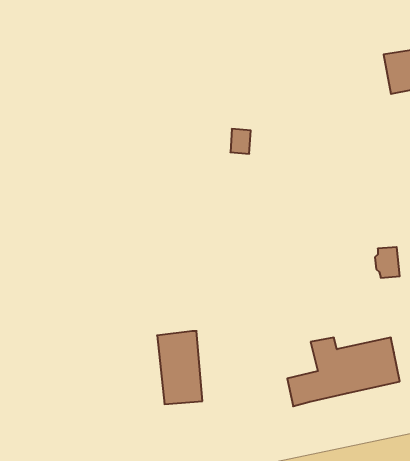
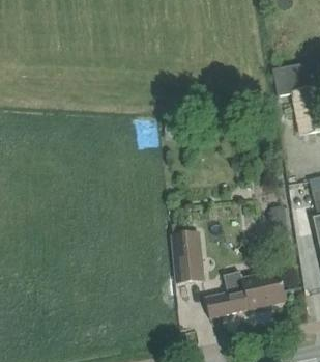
building: [157,331,202,404] -> [172,231,204,283]

